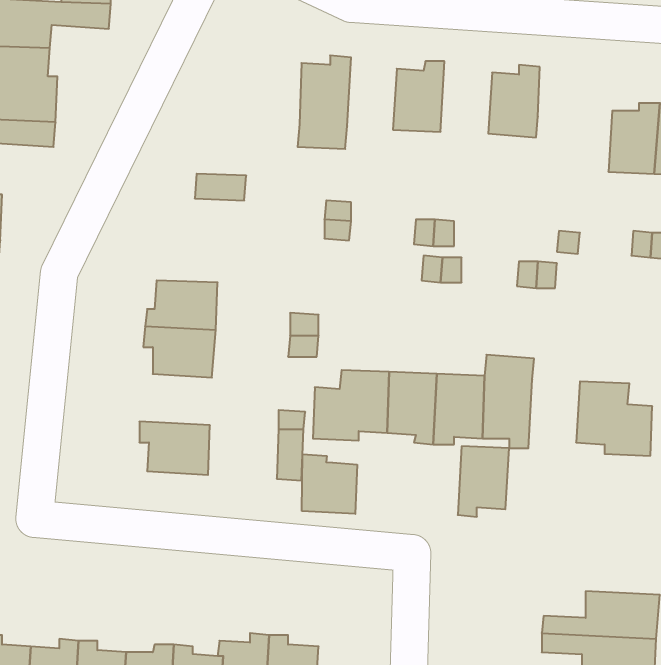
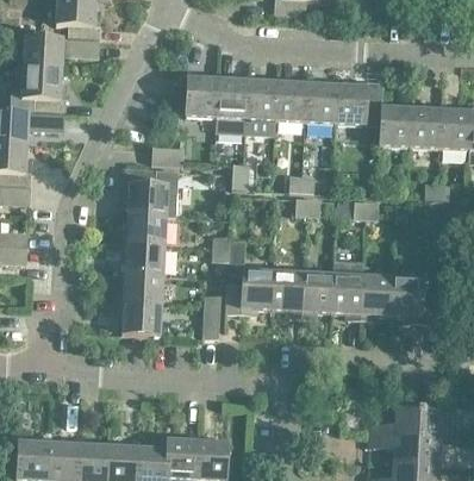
building: none -> [186,71,219,117]
building: none -> [248,75,279,120]
building: none -> [306,77,338,123]
building: none -> [367,81,413,146]
building: none -> [124,168,168,215]
building: none -> [118,273,163,305]
building: [458,446,509,517] -> [361,276,393,320]
building: [302,454,357,514] -> none

